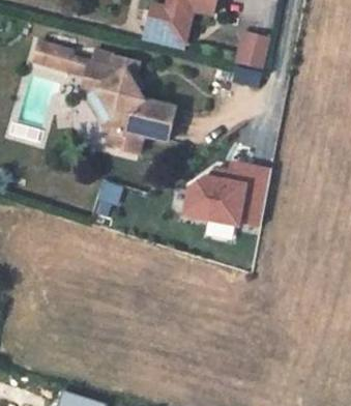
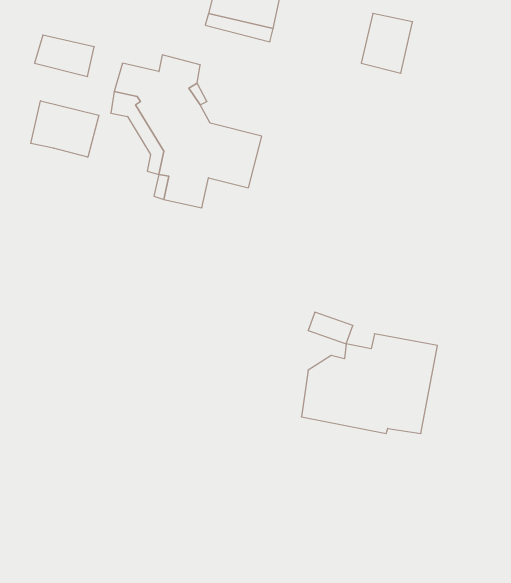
building: none -> [31,101,99,157]
building: [188,160,273,222] -> [301,334,437,433]

